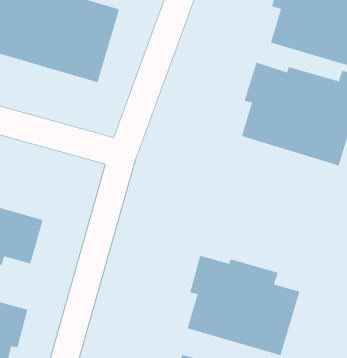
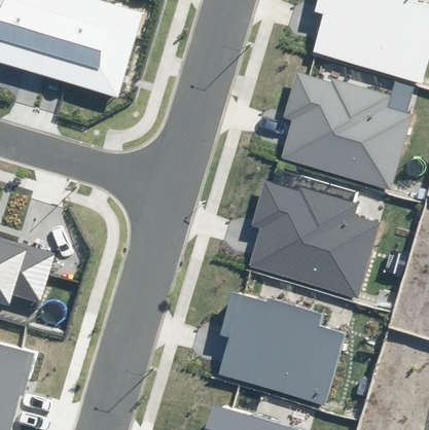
building: none -> [248,181,380,298]

